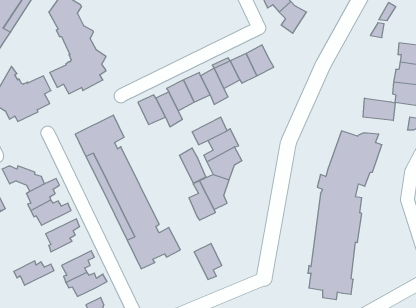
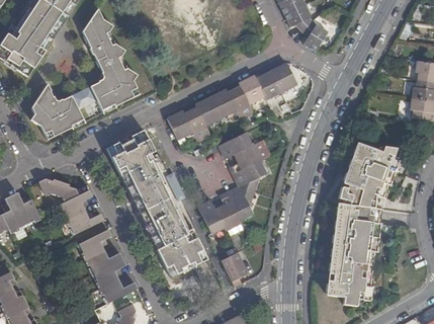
building: [363,98,395,121] -> none
building: [179,148,206,183] -> [198,199,224,233]
building: [14,261,54,285] -> [84,250,122,273]

